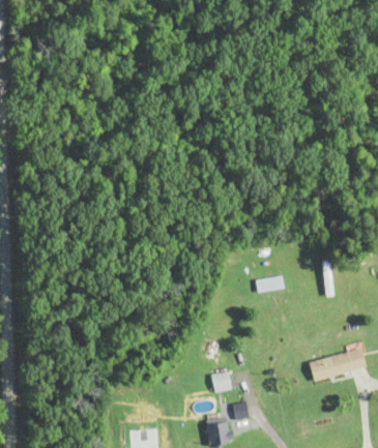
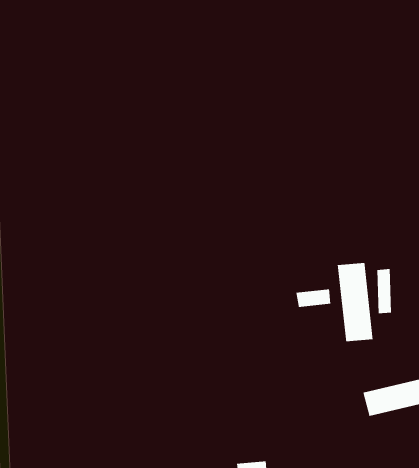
building: none -> [337,262,373,342]
building: [210,364,233,392] -> none

